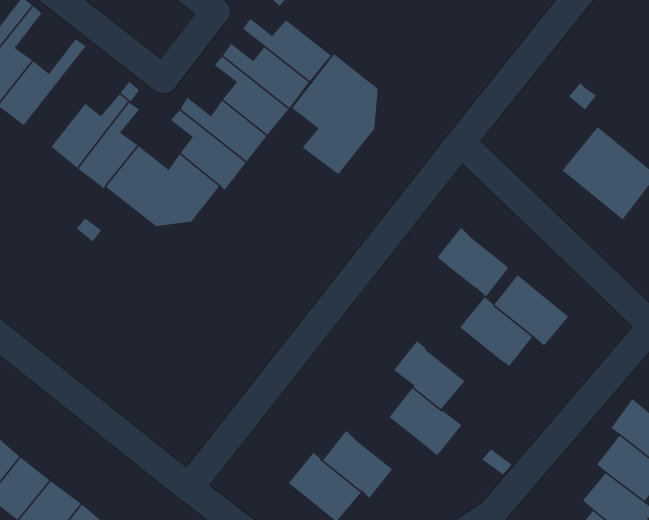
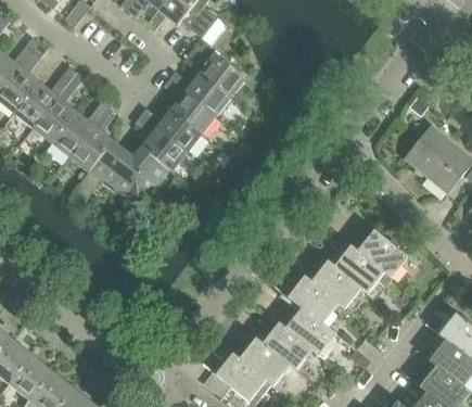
building: none -> [34,72,84,141]
building: [291,54,378,175] -> none
building: [437,227,510,297] -> [311,259,361,308]
building: none -> [263,322,312,370]

